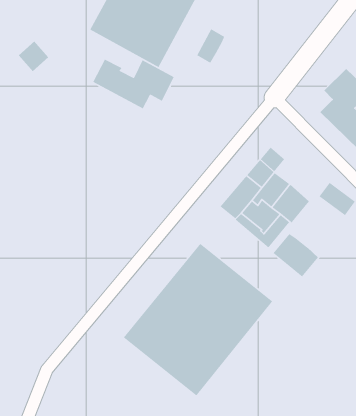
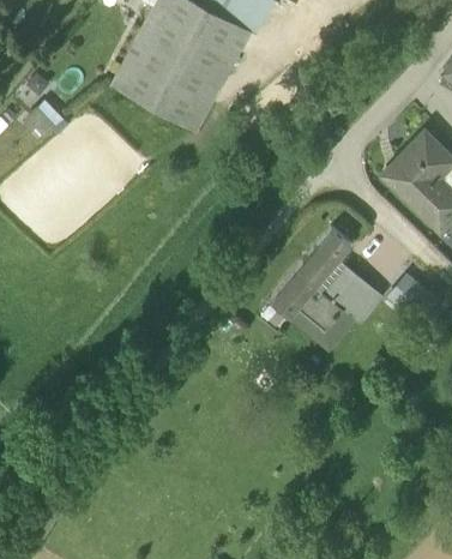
building: [196,28,225,64] -> none
building: [92,58,175,110] -> none
building: [272,233,319,278] -> none
building: [123,243,274,396] -> none

